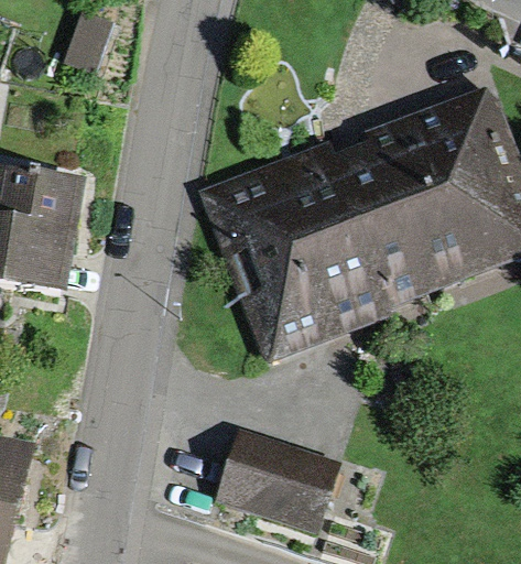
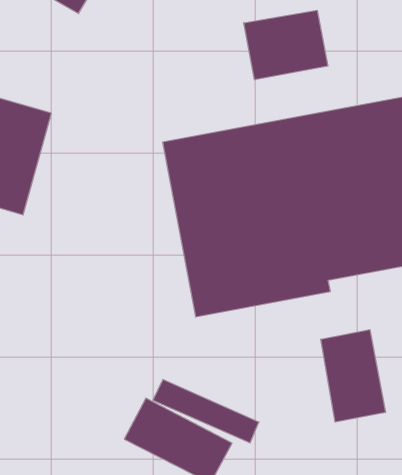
building: none -> [244,10,328,80]
building: none -> [321,330,385,422]

